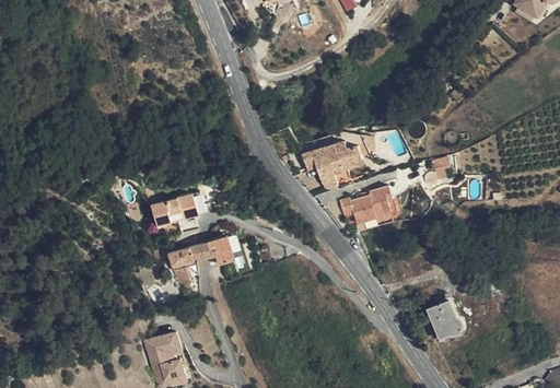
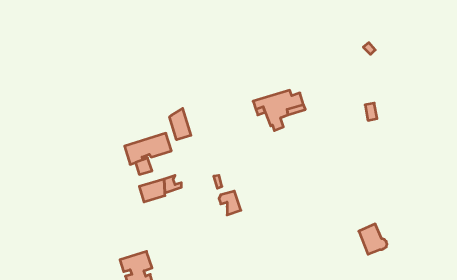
building: none -> [170,108,191,140]
building: [340,185,396,222] -> none
building: [207,237,233,266] -> [219,191,241,215]

